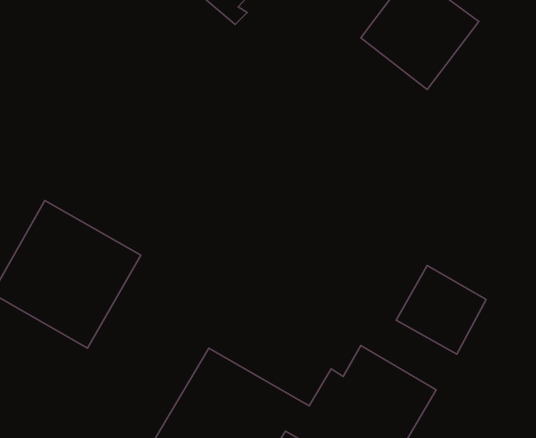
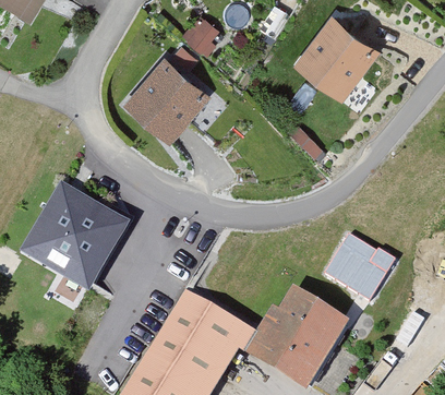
building: none -> [122,58,208,144]

